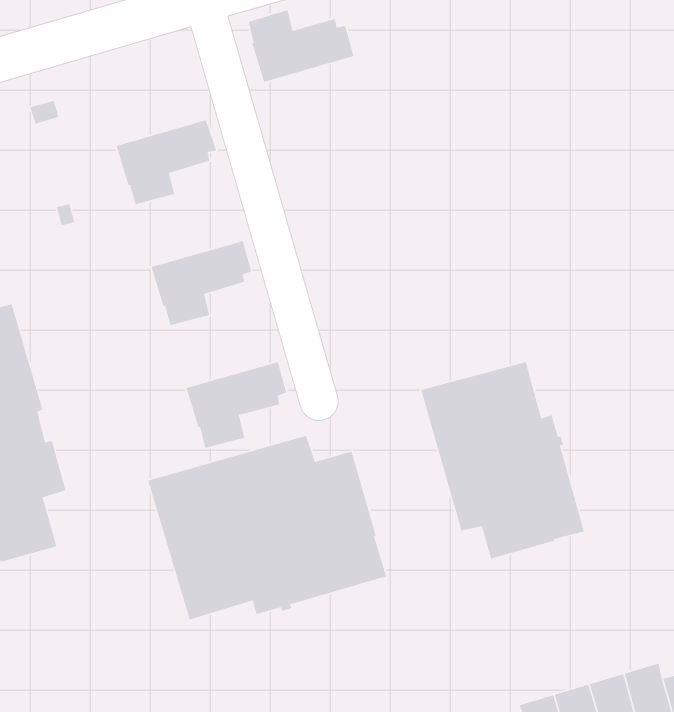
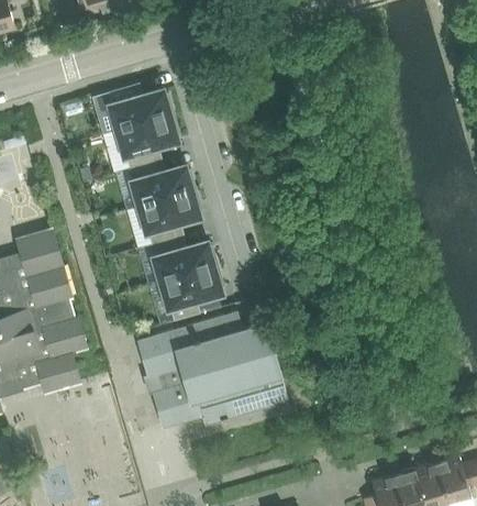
building: [248,9,355,83] -> [106,85,173,131]
building: none -> [127,162,196,207]
building: none -> [149,238,218,283]
building: [420,361,585,560] -> none

